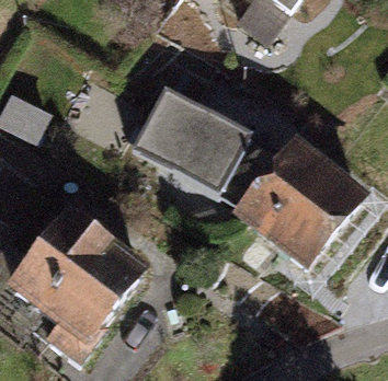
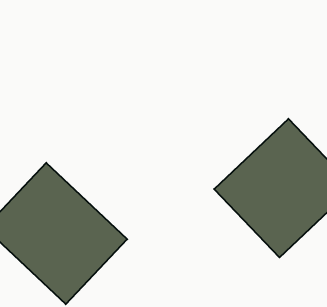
building: [128,81,250,190] -> none

